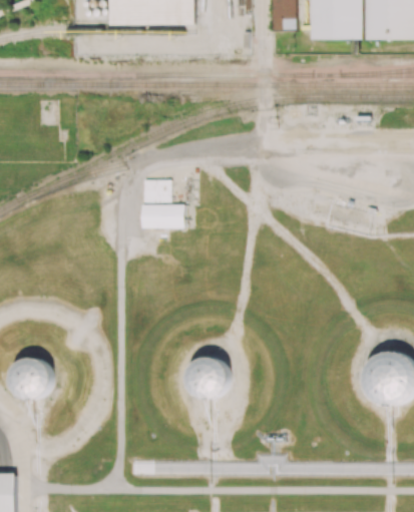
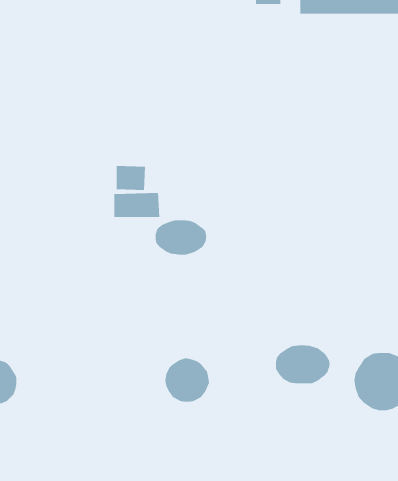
building: none -> [155,220,207,256]
building: none -> [275,345,330,384]

